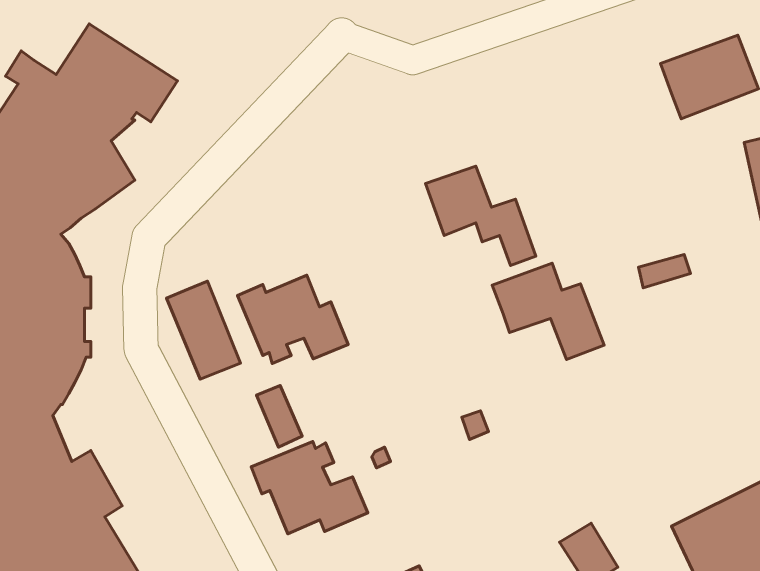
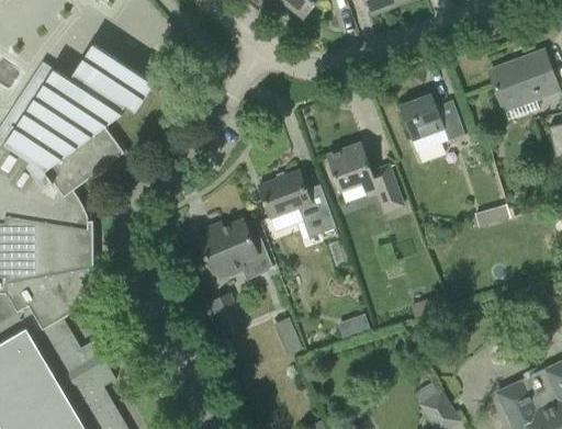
building: none -> [398,93,462,150]
building: [492,263,604,360] -> [257,169,335,236]
building: [166,281,240,379] -> none
building: [251,441,368,534] -> none

